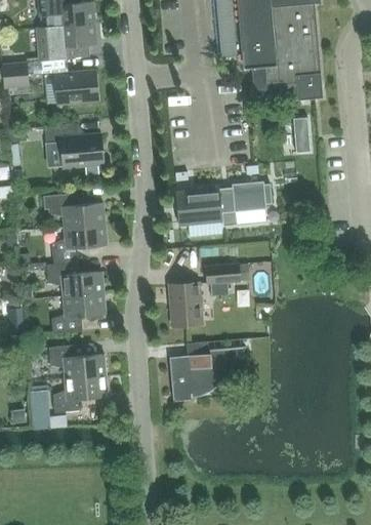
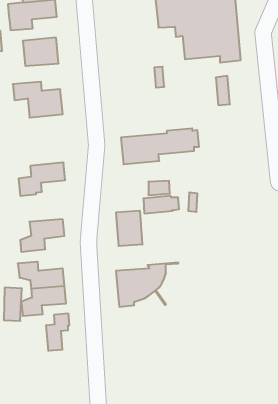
building: [43,194,105,228] -> none
building: [46,262,104,296] -> none
building: none -> [46,313,69,351]

